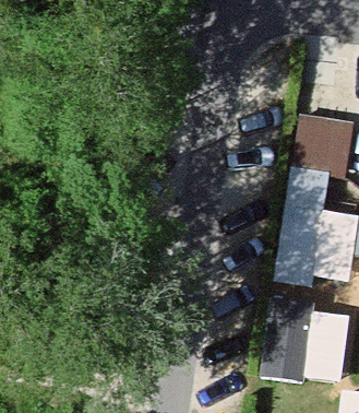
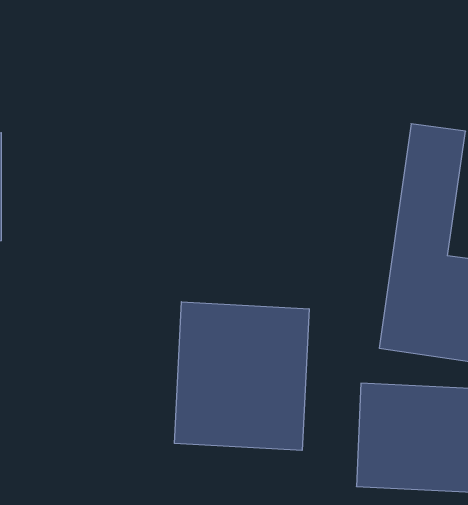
building: none -> [174,302,309,450]

